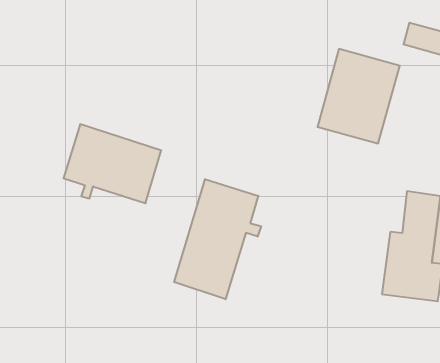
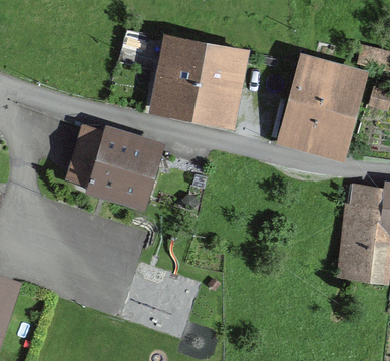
building: none -> [155,39,243,119]
building: [174,179,261,299] -> none

